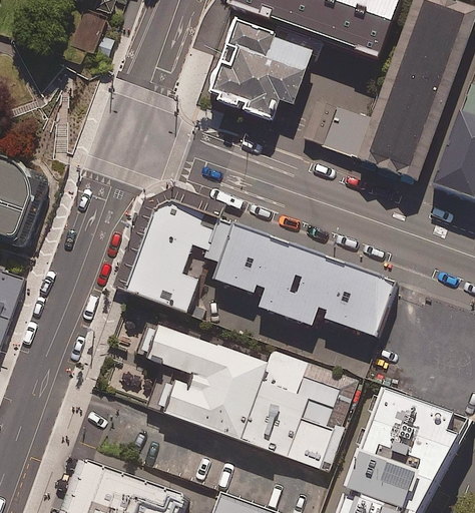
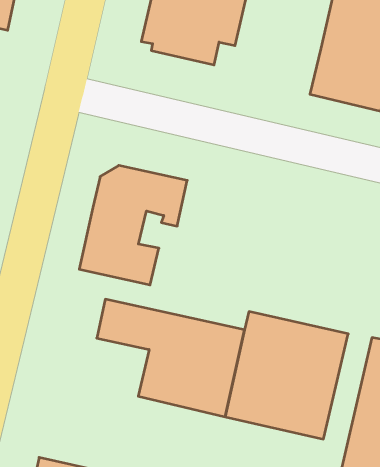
building: [302,100,369,159] -> none
building: [213,223,398,339] -> none

